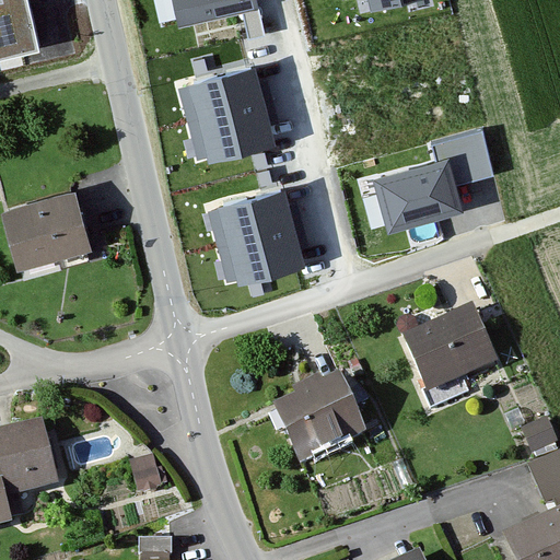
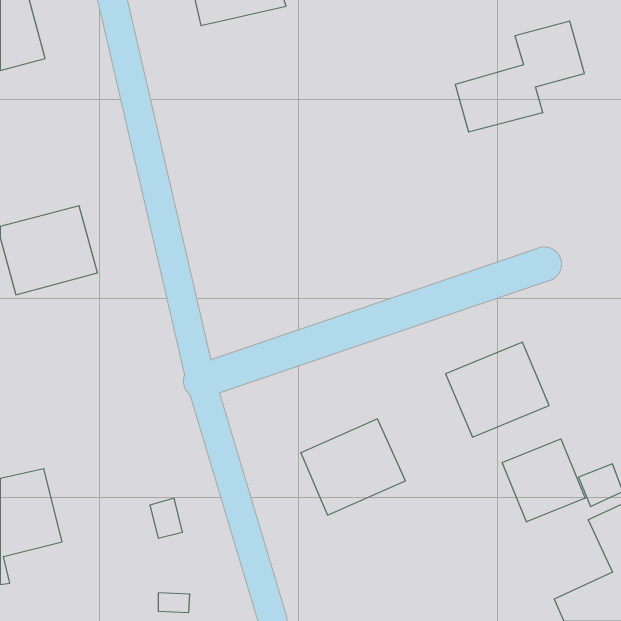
building: [186,68,267,159] -> none
building: [378,127,494,226] -> [455,21,584,132]
building: [221,192,296,280] -> none
building: none -> [502,439,585,522]

